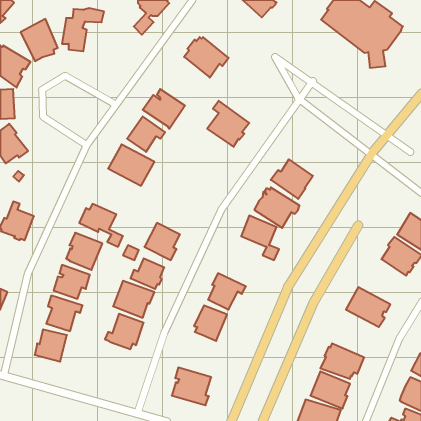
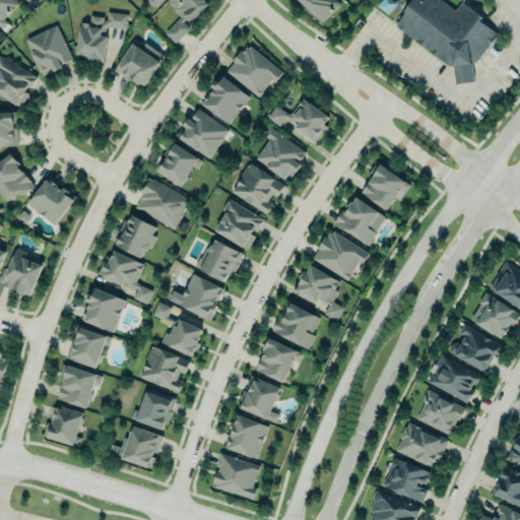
building: none -> [114,43,165,86]
building: none -> [203,74,250,124]
building: none -> [268,98,330,143]
building: none -> [362,161,410,210]
building: none -> [233,162,285,213]
building: none -> [28,178,76,225]
building: none -> [215,200,264,250]
building: none -> [114,214,157,259]
building: none -> [197,239,243,283]
building: none -> [272,303,320,349]
building: none -> [448,327,500,372]
building: none -> [417,390,466,434]
building: none -> [225,416,268,459]
building: none -> [109,427,162,469]

